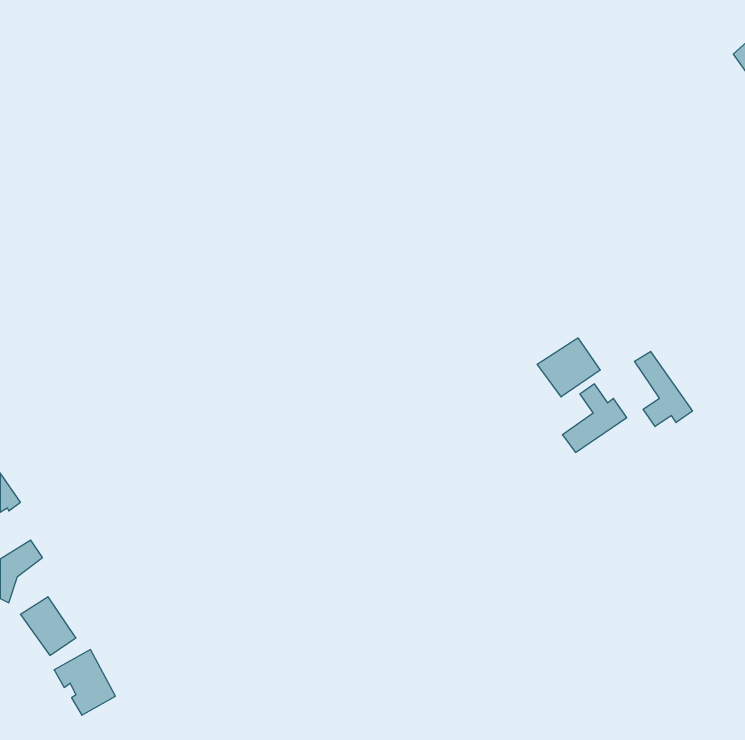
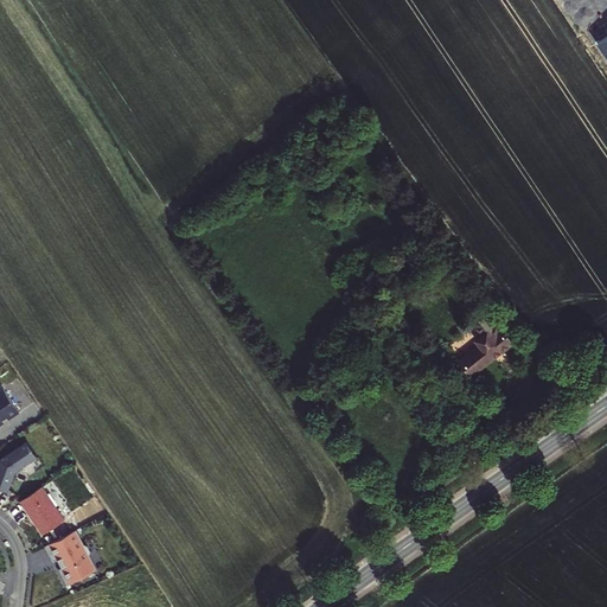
building: [537,338,600,397] -> none
building: [635,351,692,427] -> none

